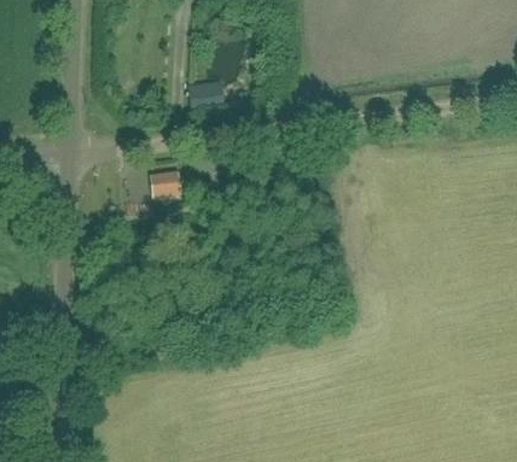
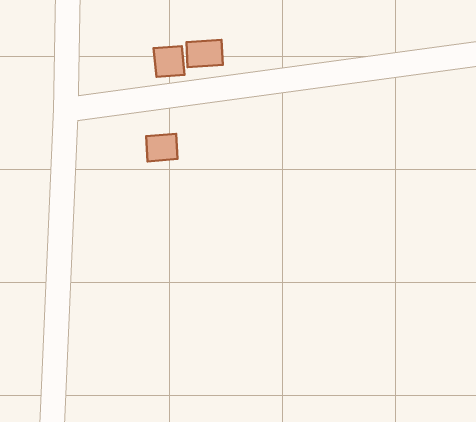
building: none -> [154,46,185,77]

